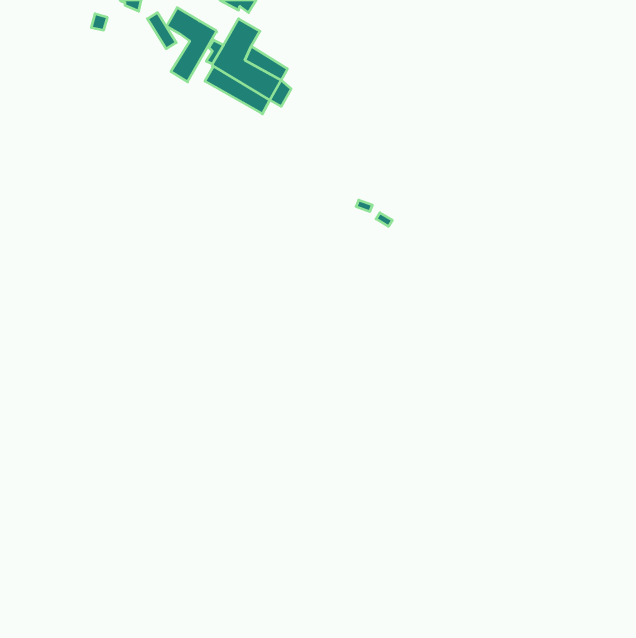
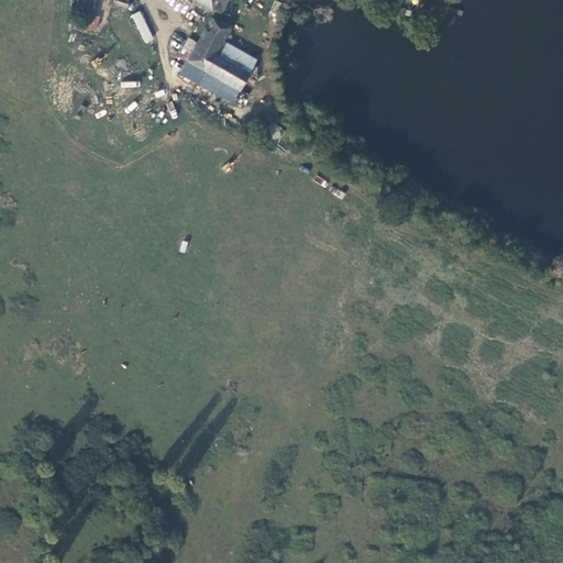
building: [166,8,217,82] -> none

